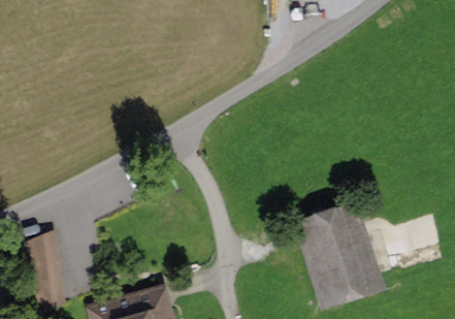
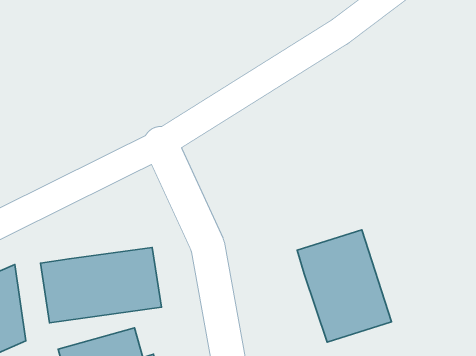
building: none -> [40,248,161,323]

